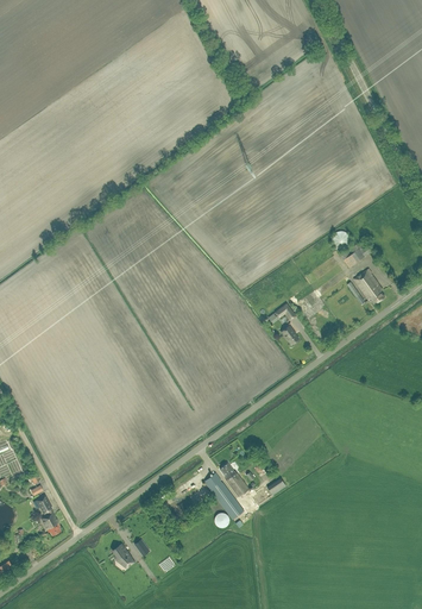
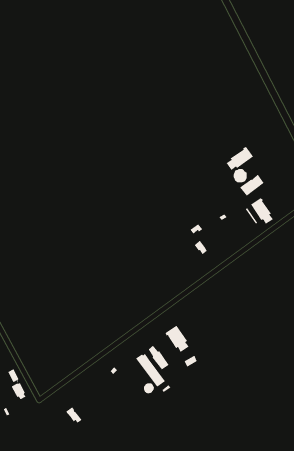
building: none -> [226,146,254,171]
building: none -> [165,325,189,353]

